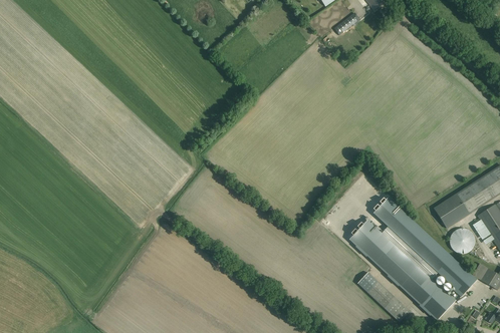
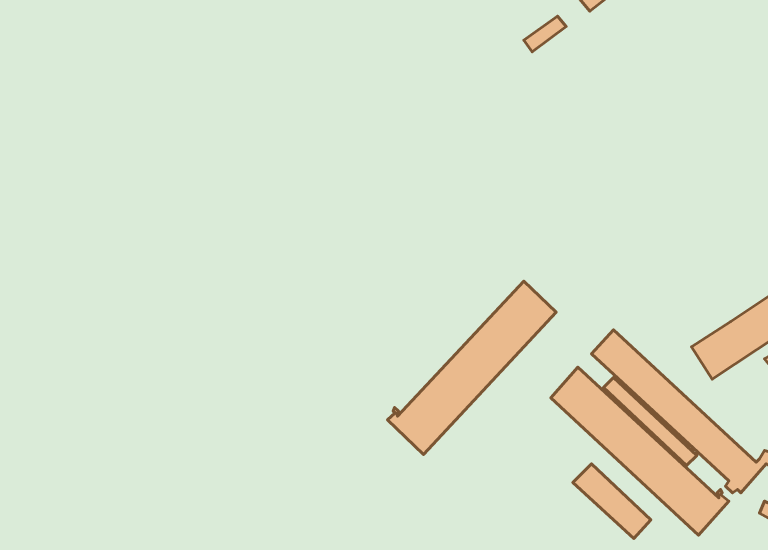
building: none -> [387,281,556,454]
building: [450,228,475,254] -> none

